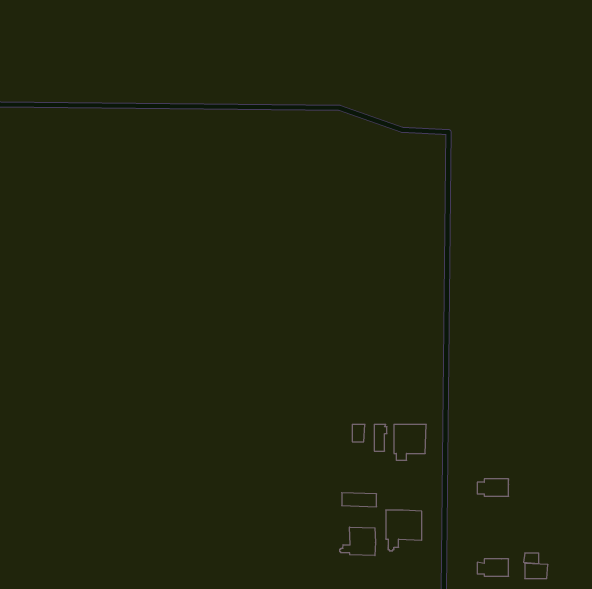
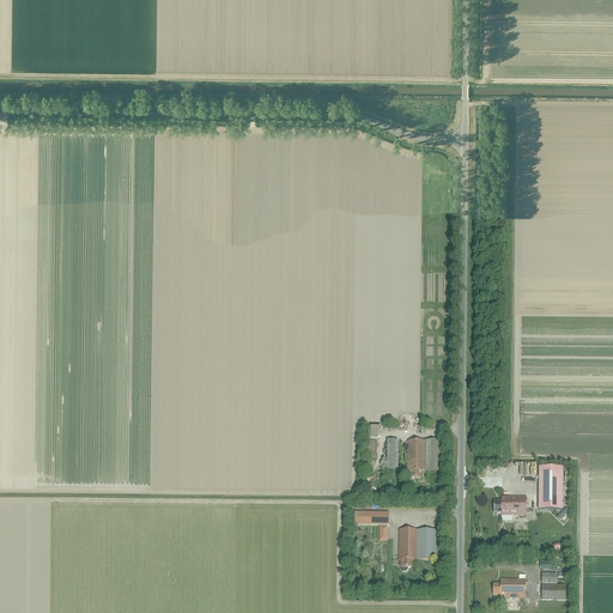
building: none -> [538,465,562,506]
building: [340,527,375,556] -> none

